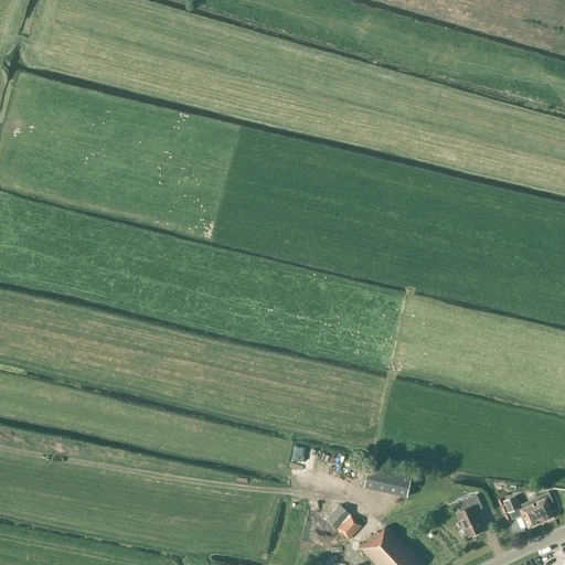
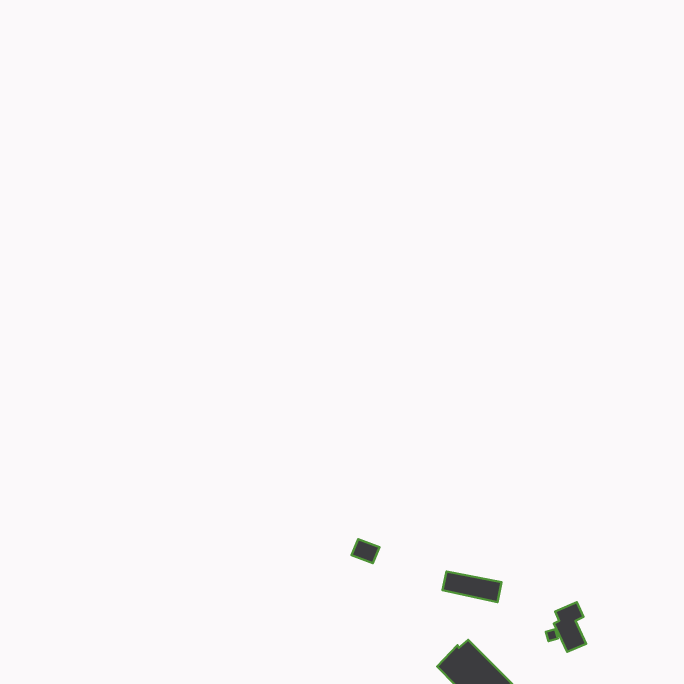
building: [503,493,553,530] -> none
building: [326,505,362,541] -> none

